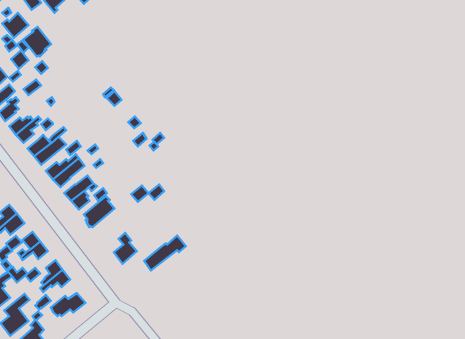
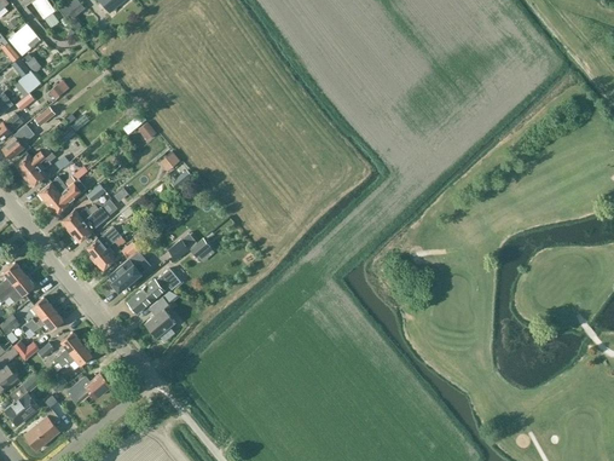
building: [23,27,51,57] -> none
building: [144,236,186,271] -> [128,269,180,312]

